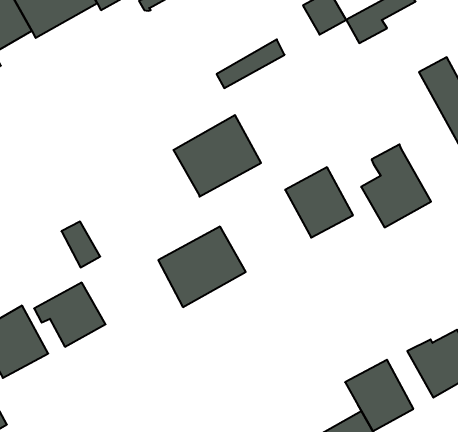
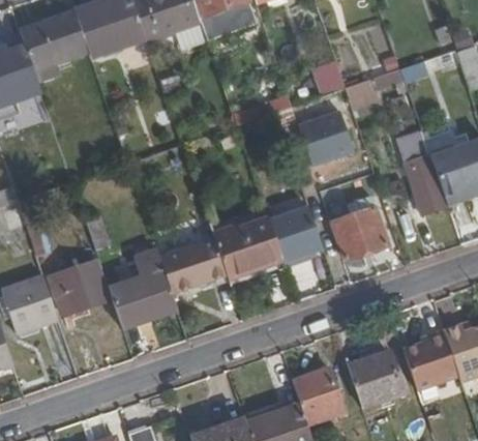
building: none -> [299,110,355,166]
building: [173,115,261,197] -> [213,217,282,278]
building: none -> [108,252,176,330]

